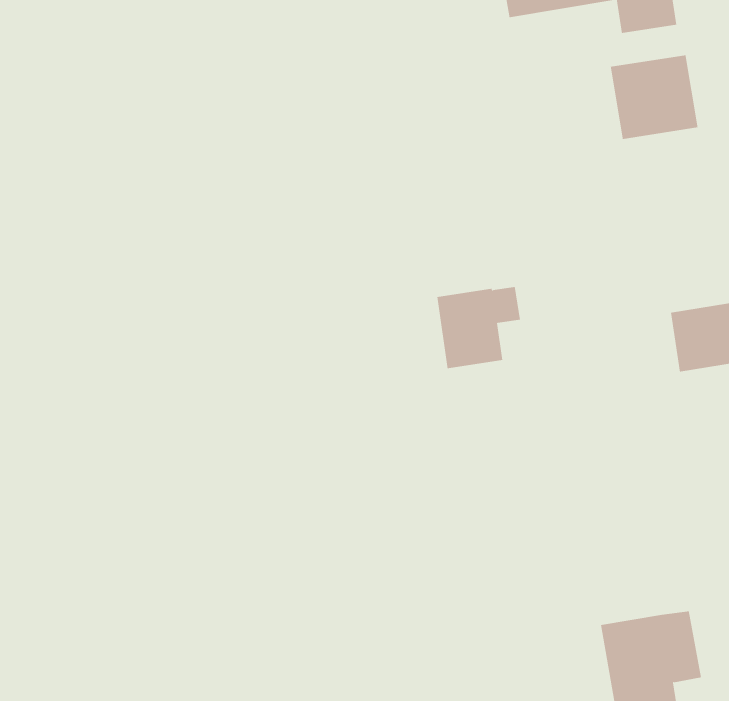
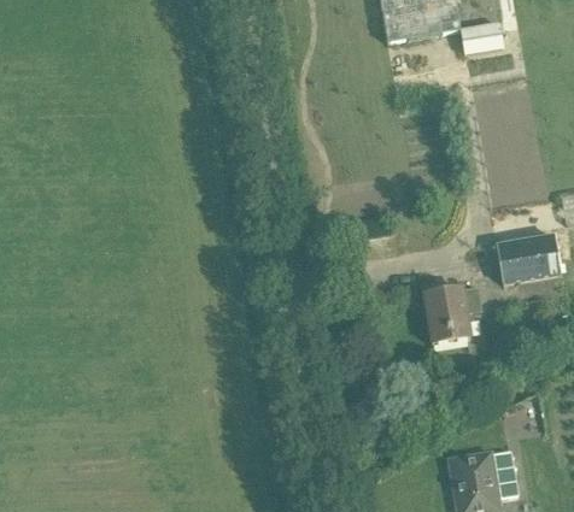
building: [610,54,698,140] -> none
building: [436,286,521,369] -> [423,286,481,342]

